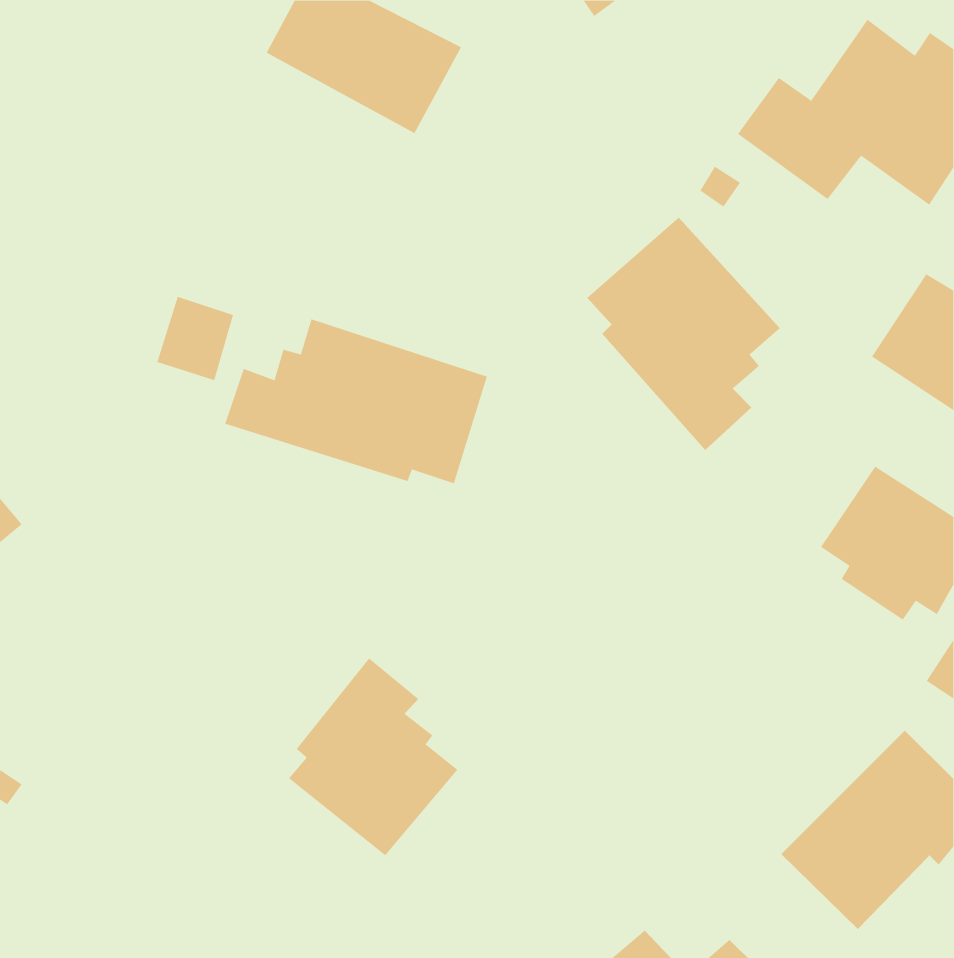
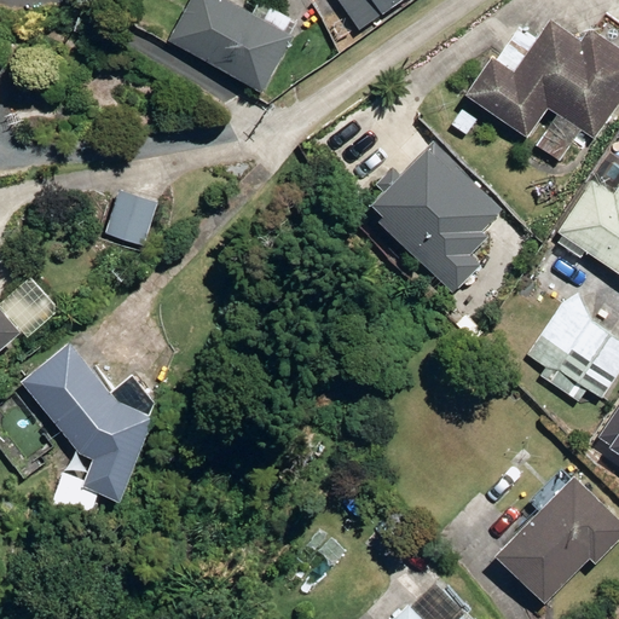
building: [224,318,487,484] -> none
building: none -> [15,347,150,503]
building: [288,658,458,856] -> none

